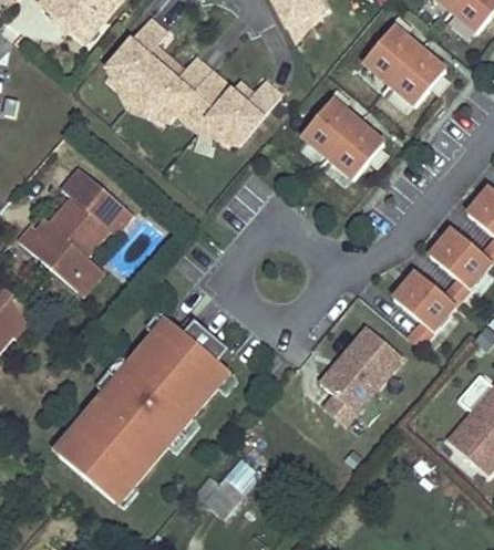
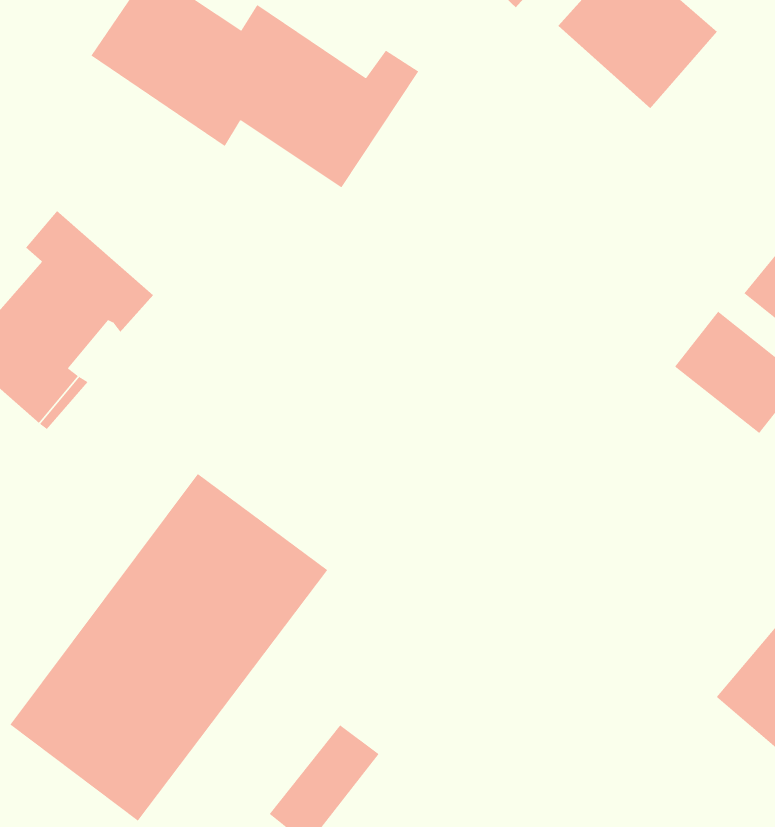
building: [297,94,388,184] -> none
building: [391,267,459,347] -> none
building: [307,324,405,426] -> none

